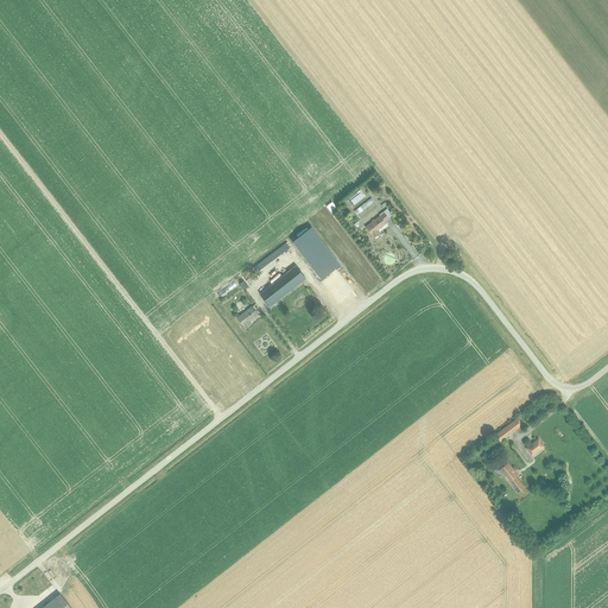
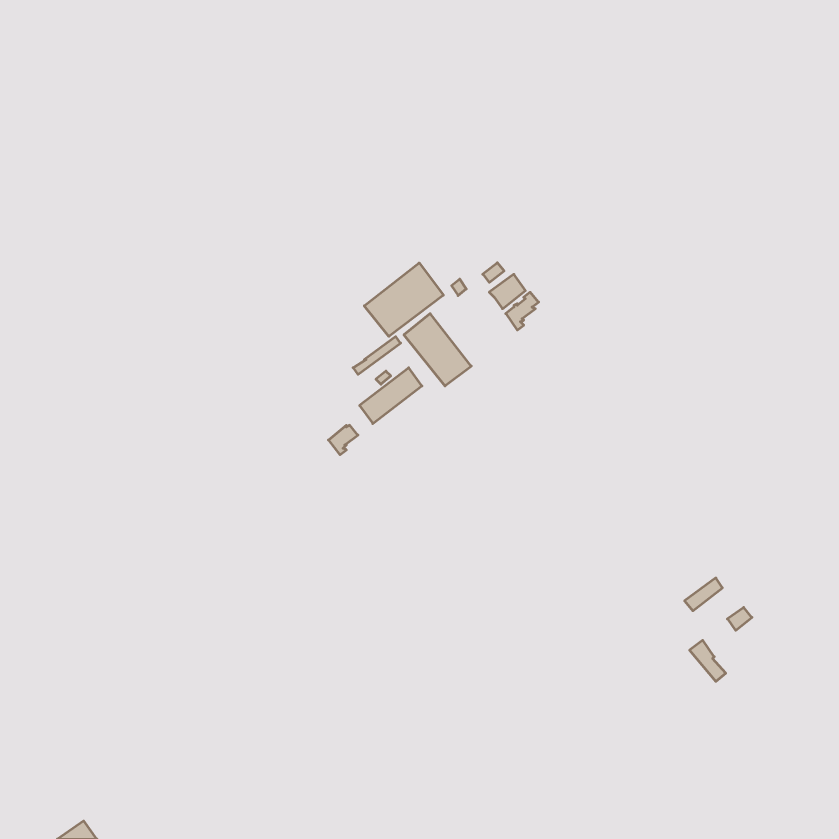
building: none -> [364,263,443,336]

